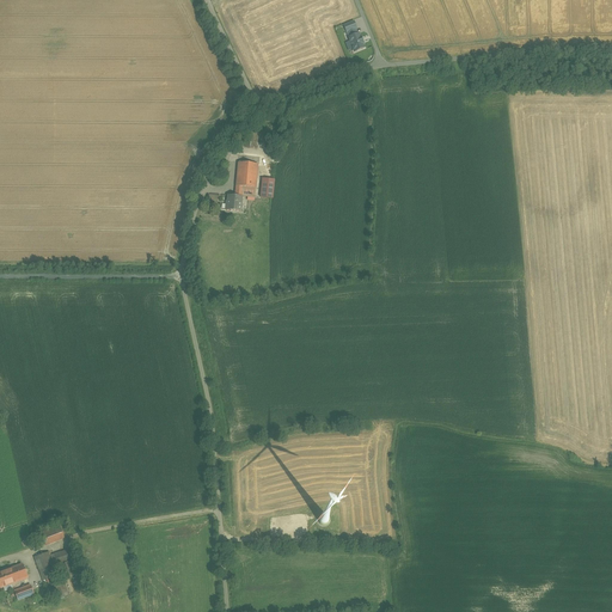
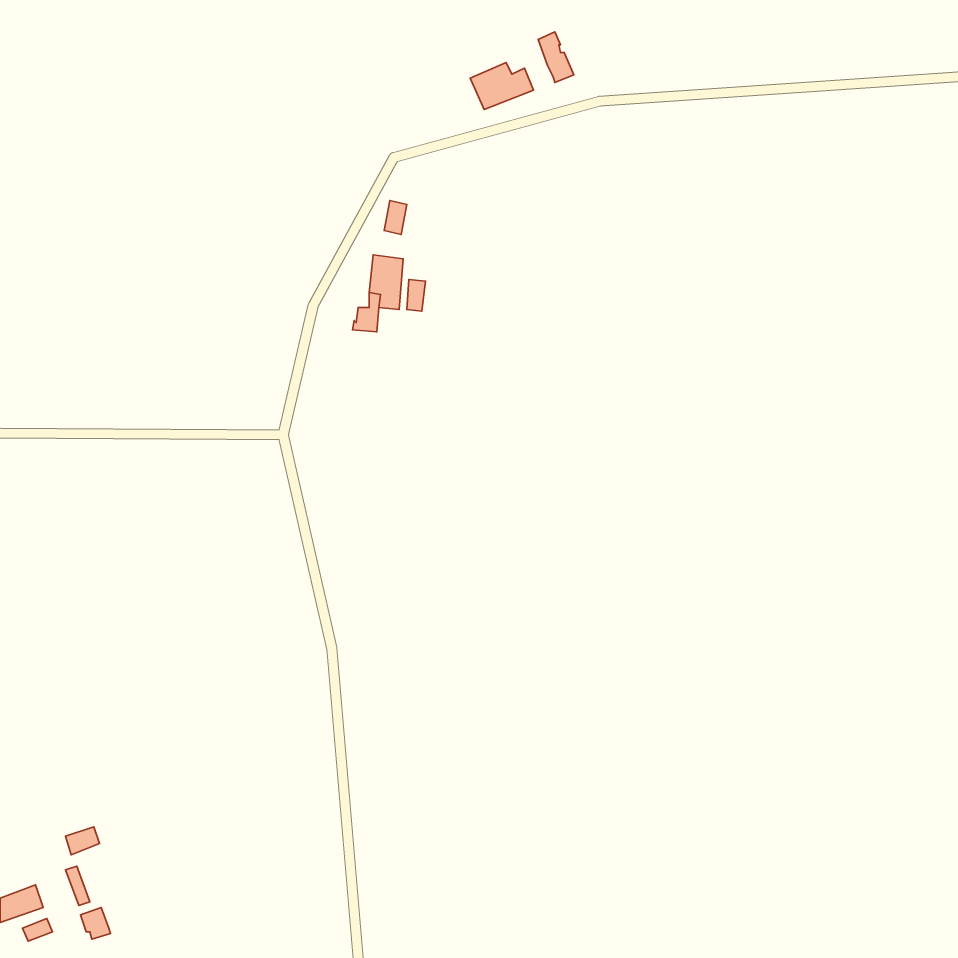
building: none -> [470,63,534,109]

